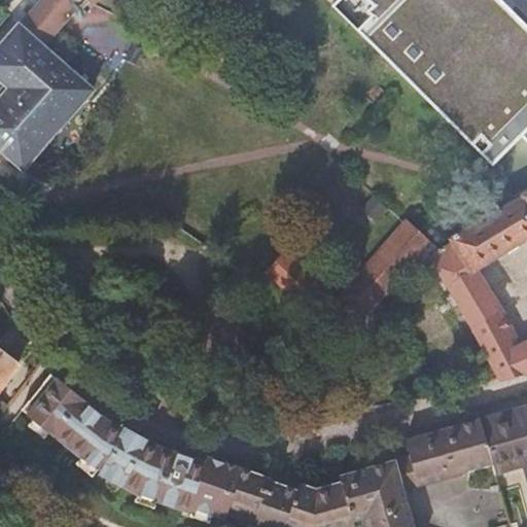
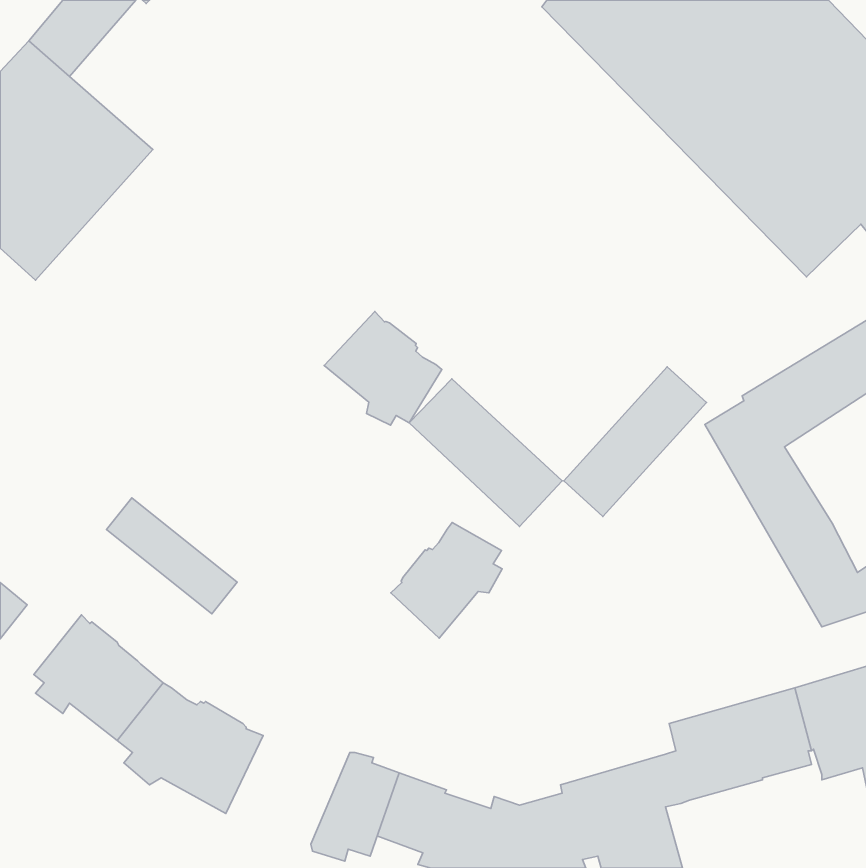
building: none -> [324,311,442,425]
building: none -> [106,498,237,614]
building: none -> [391,523,502,638]
building: [135,446,213,512] -> none

